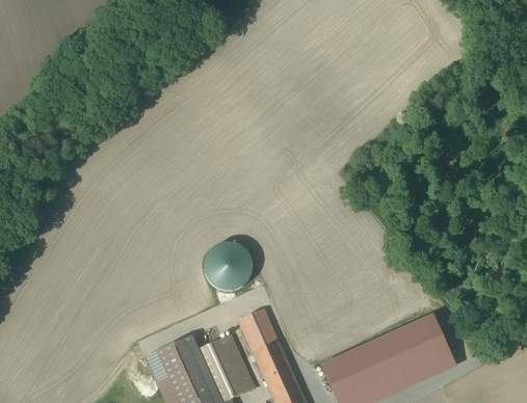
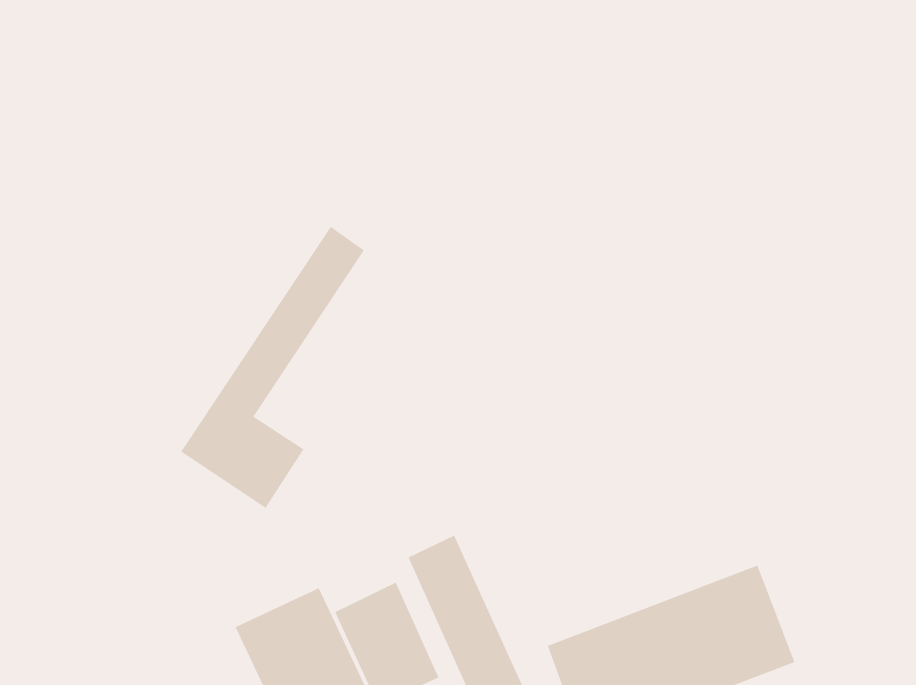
building: none -> [180,226,365,509]
building: [207,250,248,293] -> none

